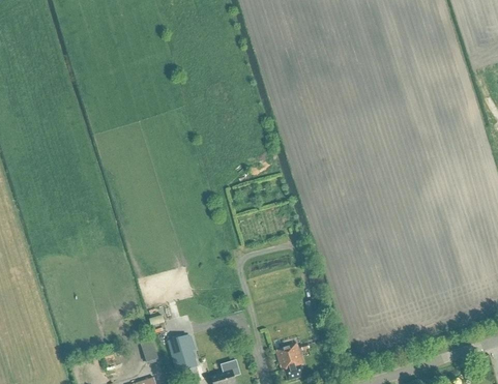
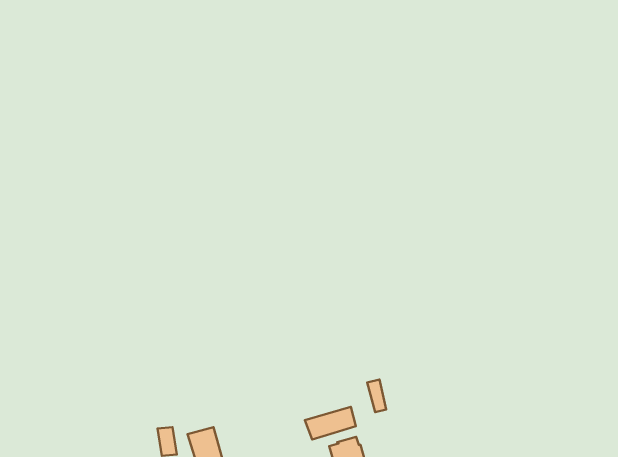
building: none -> [305,407,356,440]

